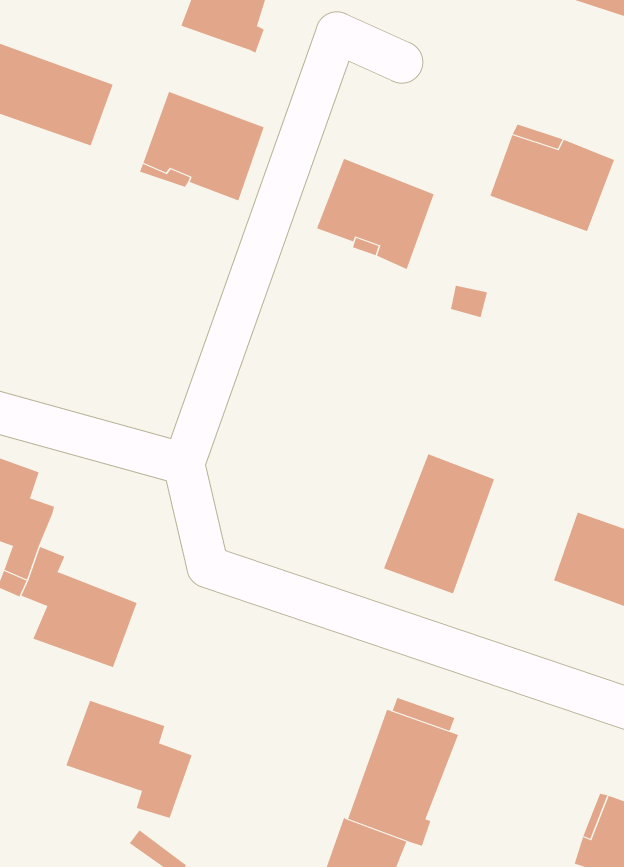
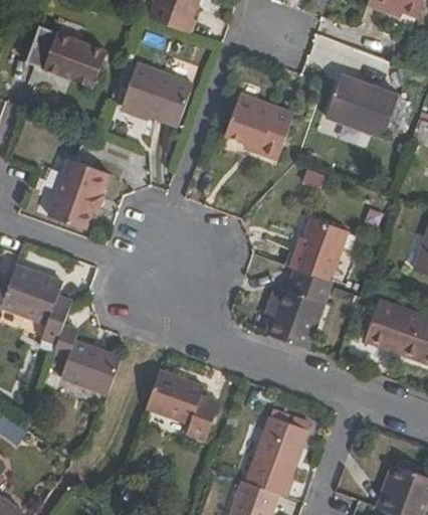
building: none -> [50,160,112,228]
building: none -> [290,219,348,283]
building: [65,700,193,819] -> [144,371,218,441]

